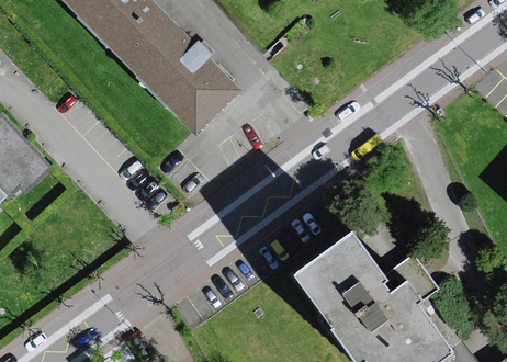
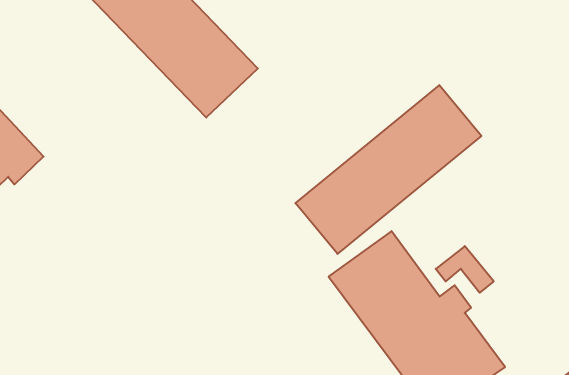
building: none -> [295,85,481,254]

